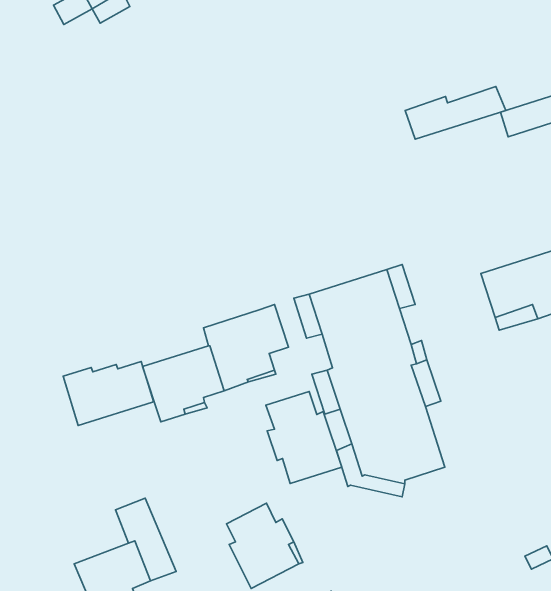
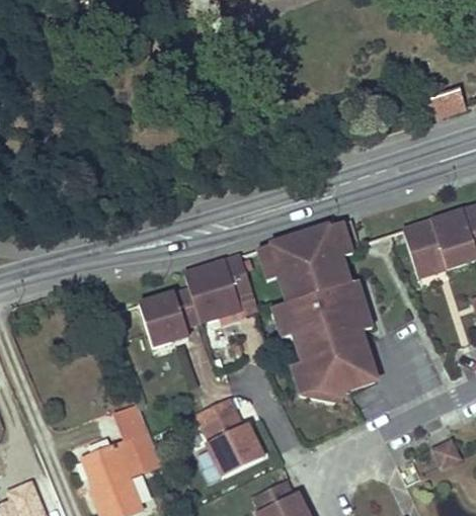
building: [405,86,506,139] -> none
building: [63,362,154,425] -> none
building: [266,391,342,484] -> none

